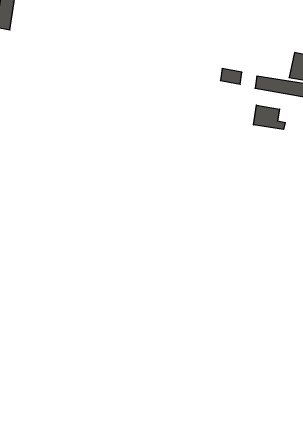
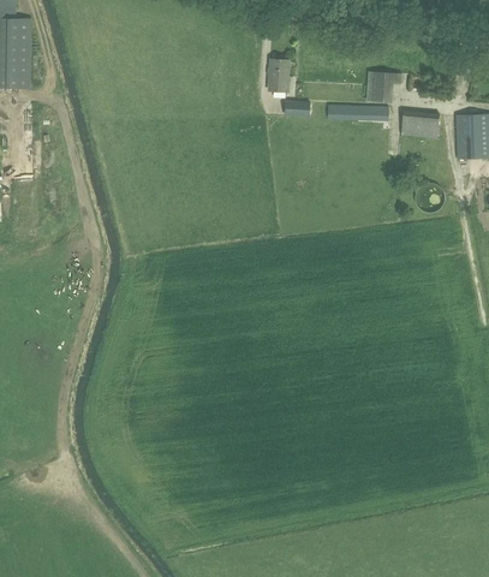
building: none -> [268,58,288,90]
building: [254,105,285,129] -> none

